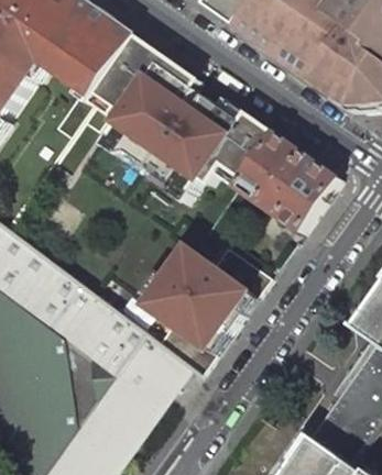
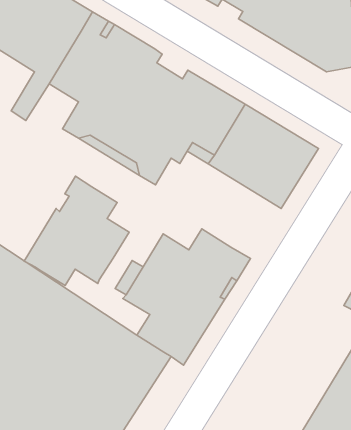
building: none -> [24,176,129,285]

